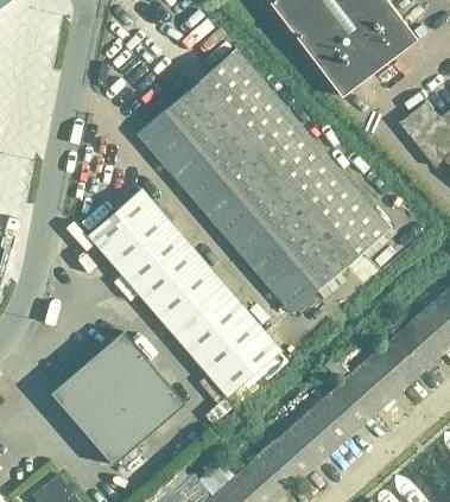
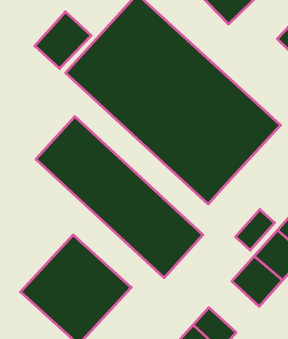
building: none -> [35,12,91,69]
building: none -> [236,209,275,250]
building: [277,411,338,474] -> none

